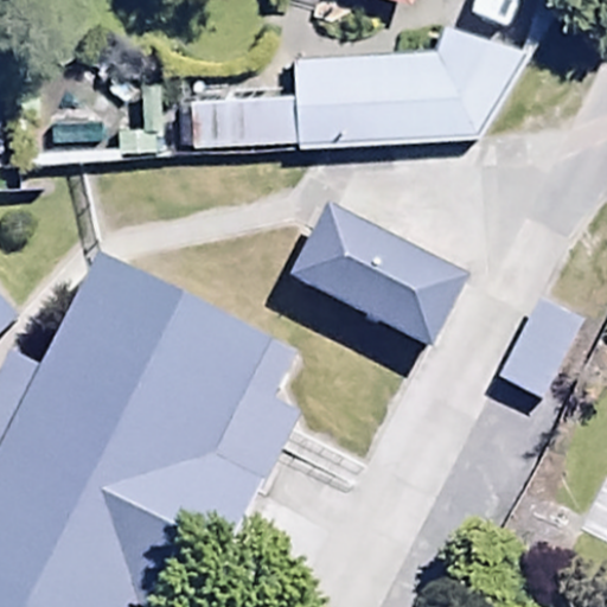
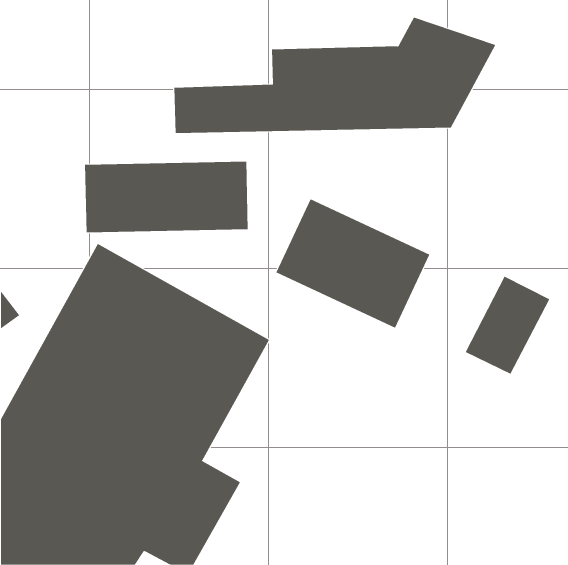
building: none -> [85,161,248,233]

